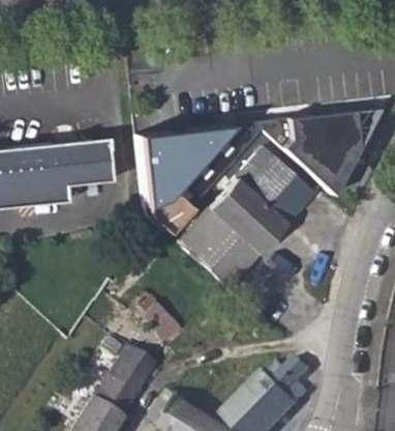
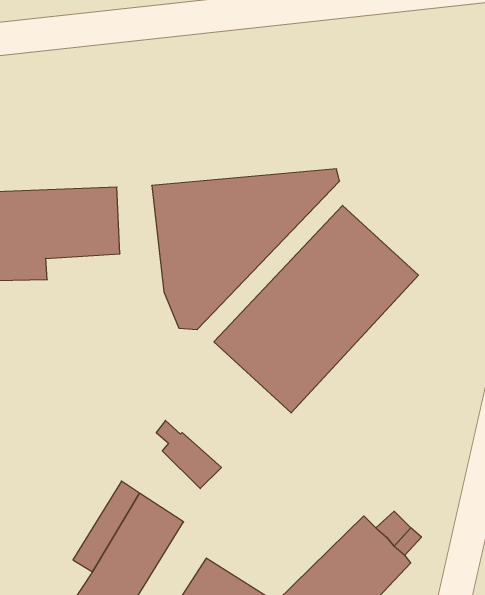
building: [260,114,356,192] -> none

